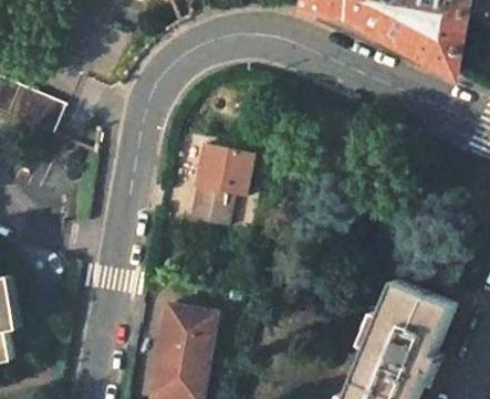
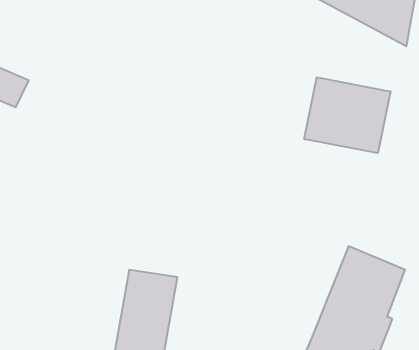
building: none -> [304,77,391,153]
building: [188,141,253,224] -> none

